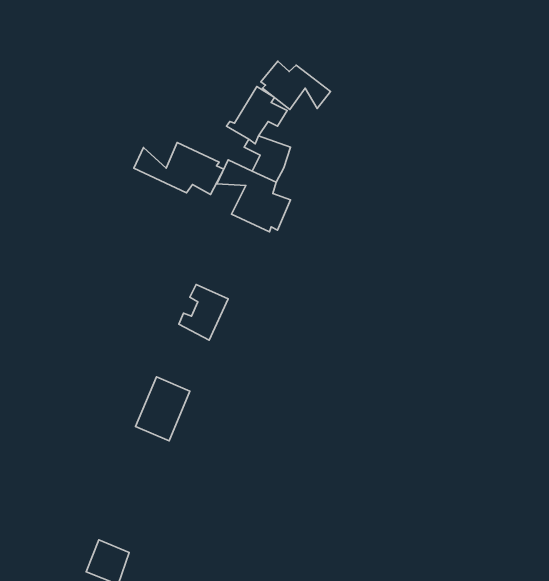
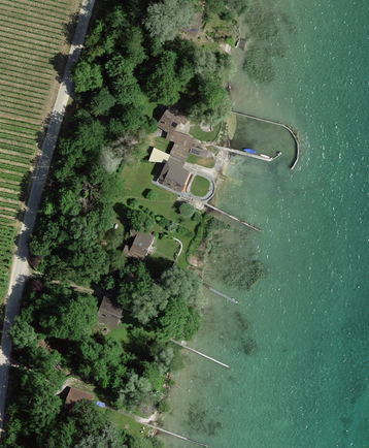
building: [261,61,330,110] -> none
building: [134,142,224,195] -> none

